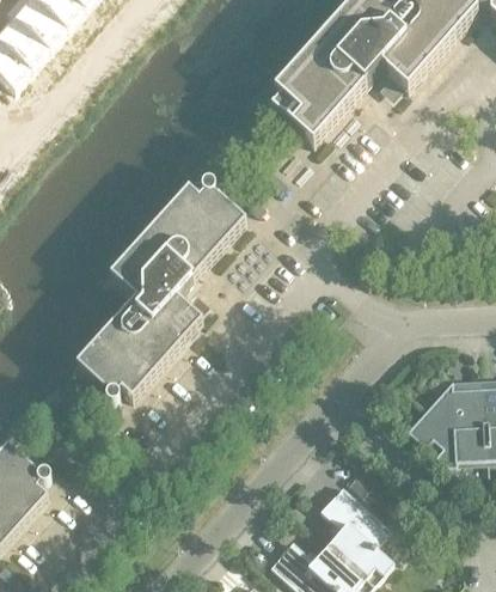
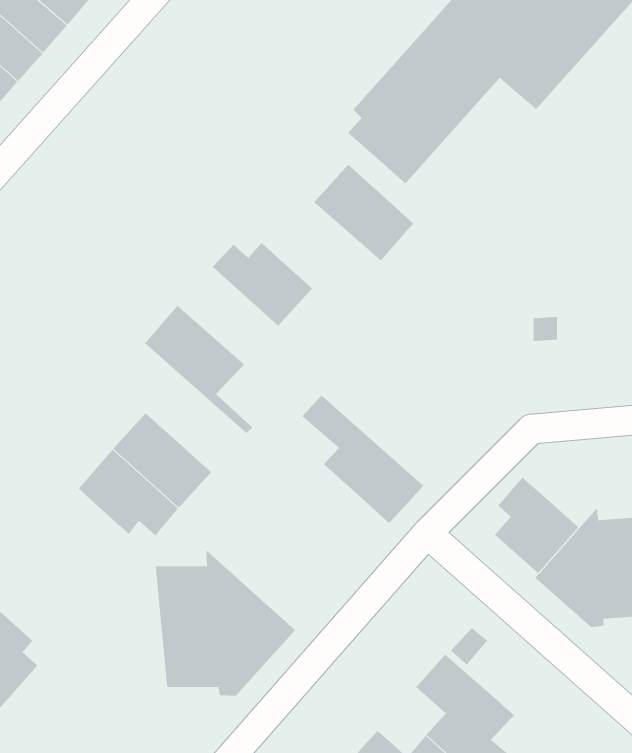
building: [148,201,221,271] -> [313,164,414,262]
building: [110,256,198,349] -> [302,395,424,524]
building: none -> [494,477,579,574]
building: none -> [155,549,296,697]

